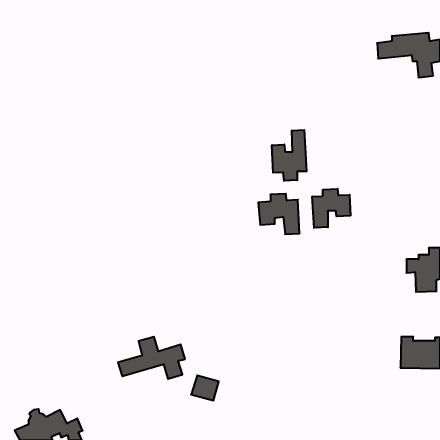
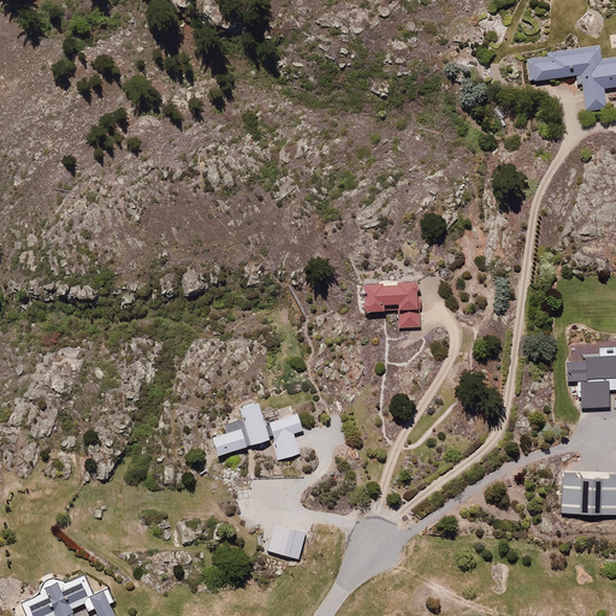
building: [272,130,307,181] -> none
building: [312,189,350,228] -> none
building: [118,337,185,379] -> [211,401,304,460]

